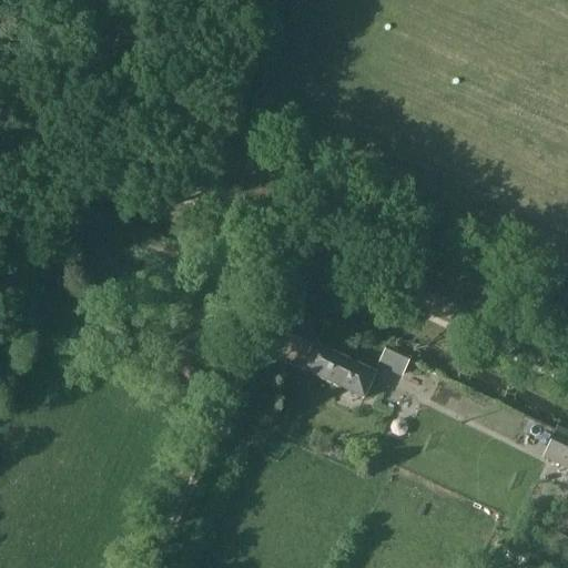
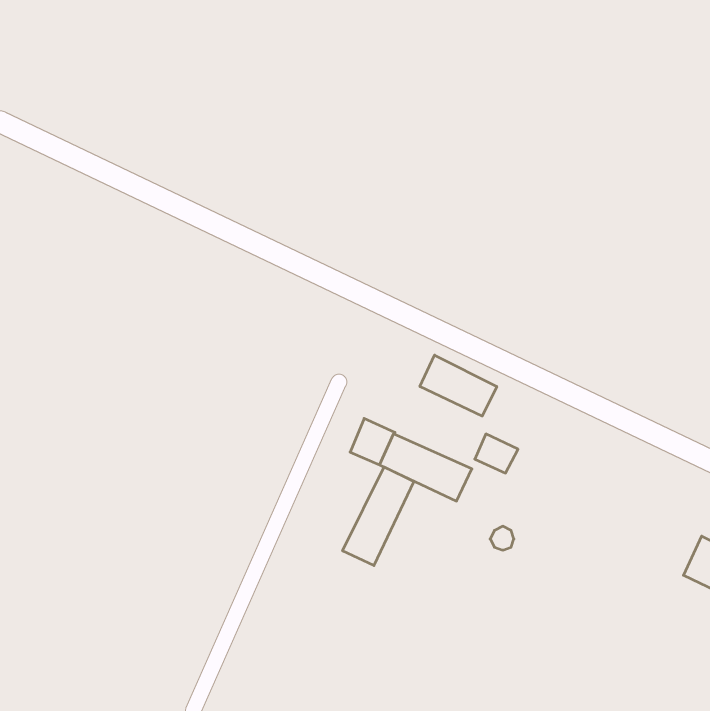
building: none -> [420,355,497,416]
building: none -> [343,467,414,566]

